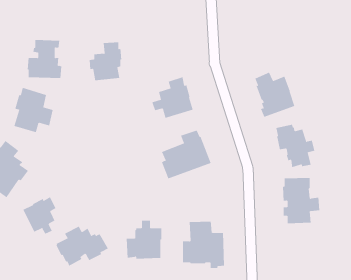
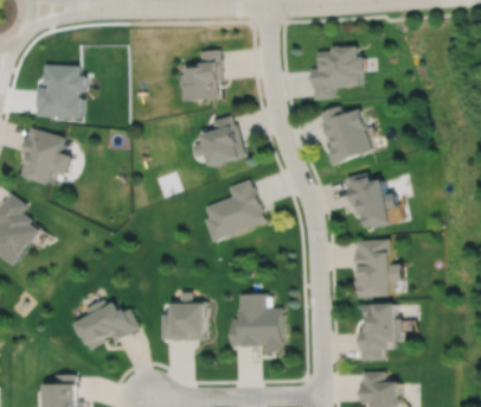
building: none -> [310,47,364,101]
building: [89,42,122,81] -> [181,51,223,100]
building: [22,196,56,235] -> none
building: none -> [359,304,403,361]

